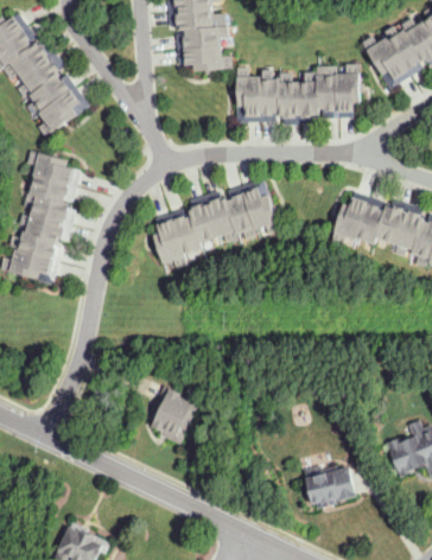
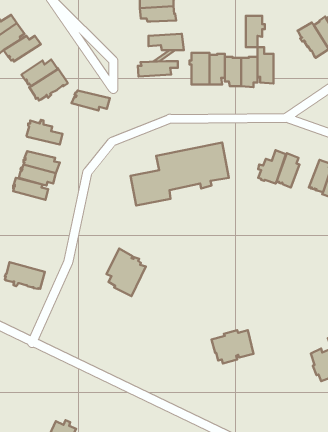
building: [185,31,235,50] -> [138,61,178,76]
building: [19,61,61,97] -> none
building: [342,70,366,109] -> [246,16,265,47]
building: [28,176,76,201] -> [72,91,110,111]
building: [366,199,399,238] -> none
building: [8,242,58,275] -> [5,262,45,289]
building: [151,387,199,446] -> [107,248,146,296]
building: [305,469,357,510] -> [211,330,253,363]

